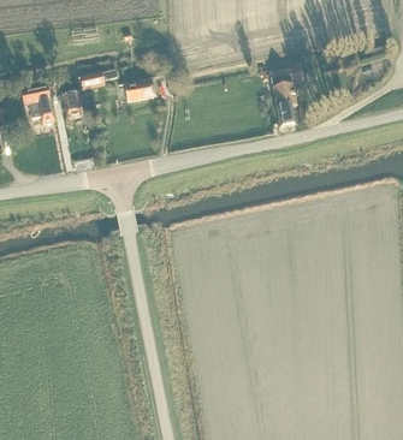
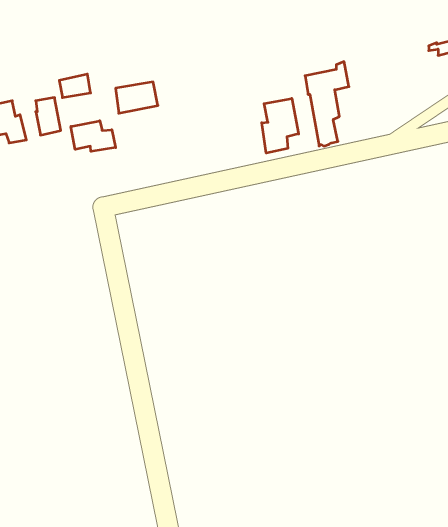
building: none -> [262,98,299,153]
building: none -> [71,121,116,151]

